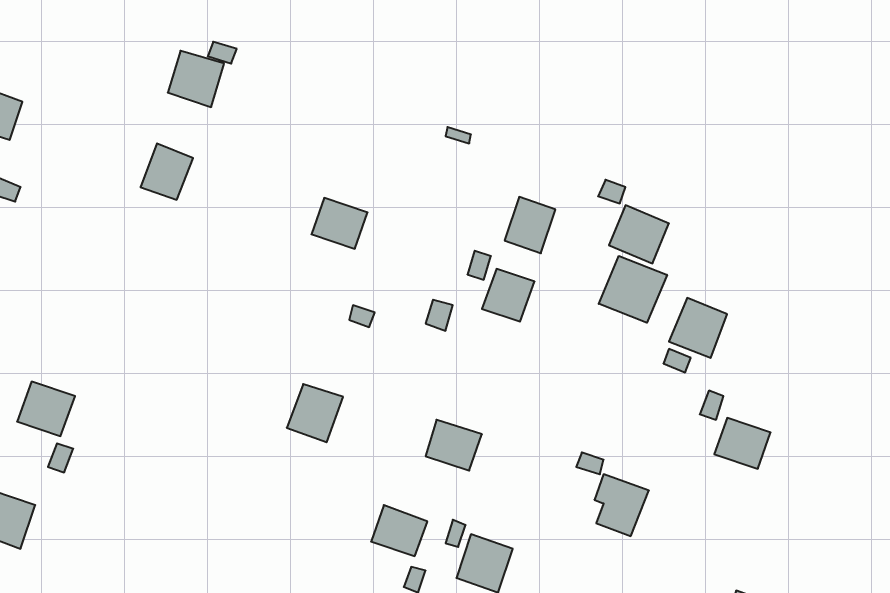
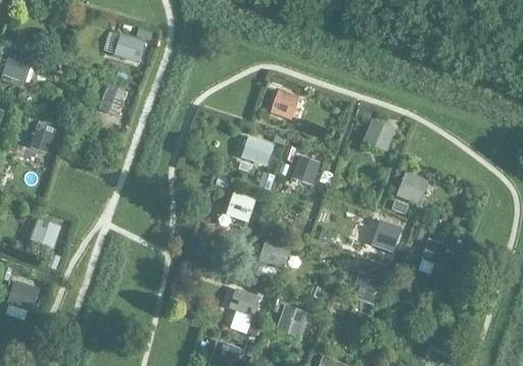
building: [505,197,555,253] -> [270,88,298,120]
building: [311,198,368,249] -> [241,136,273,165]
building: none -> [28,122,56,153]
building: [599,256,667,323] -> none
building: none -> [370,219,401,251]
building: [287,384,343,442] -> [225,189,256,222]

